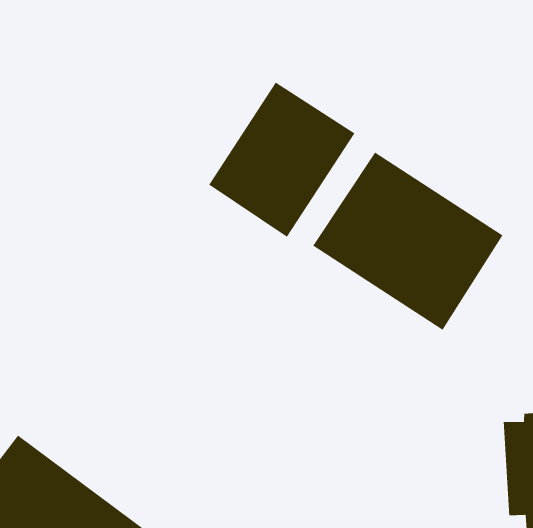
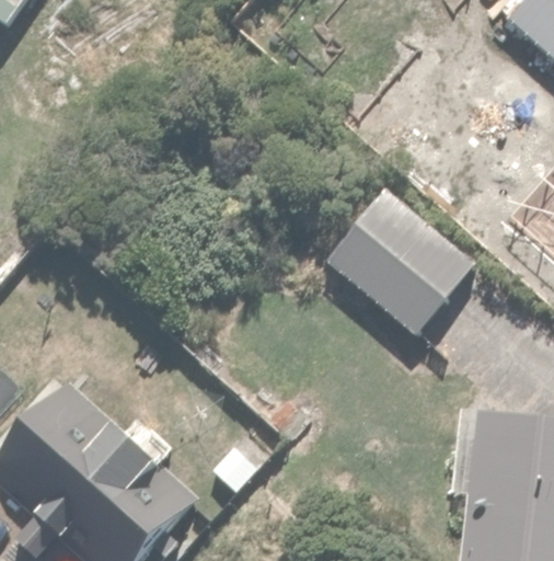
building: [208,82,356,238] -> none

